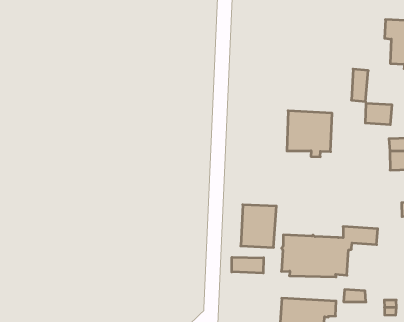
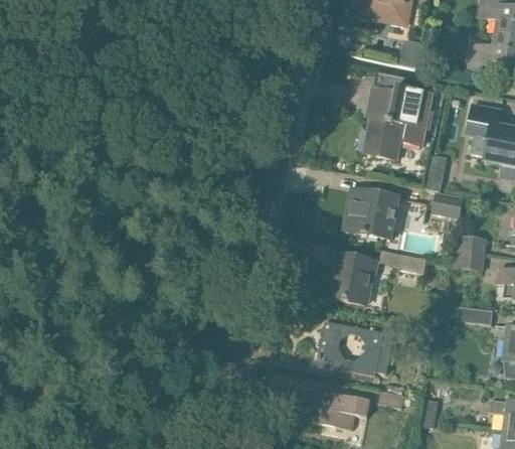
building: none -> [364,73,433,158]
building: none -> [381,251,430,276]
building: [241,205,276,247] -> [331,254,376,305]
building: [232,257,264,273] -> none

